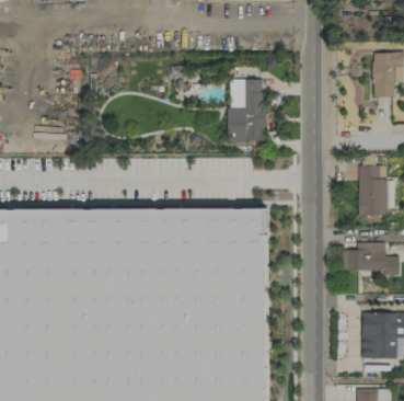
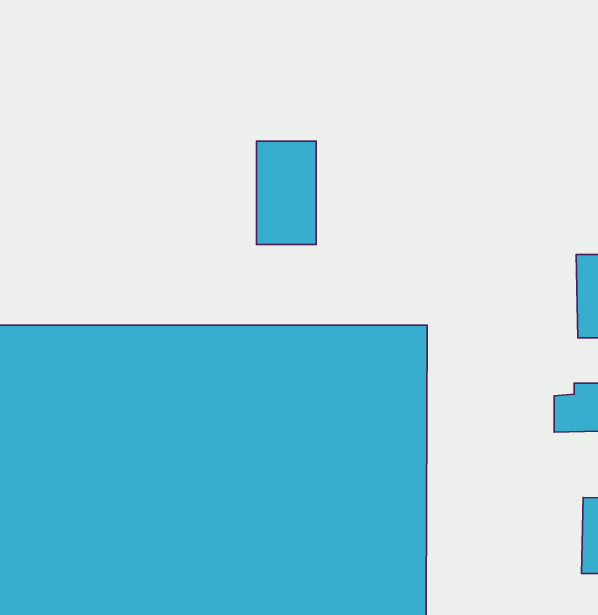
building: [228,79,264,141] -> [256,141,316,245]

